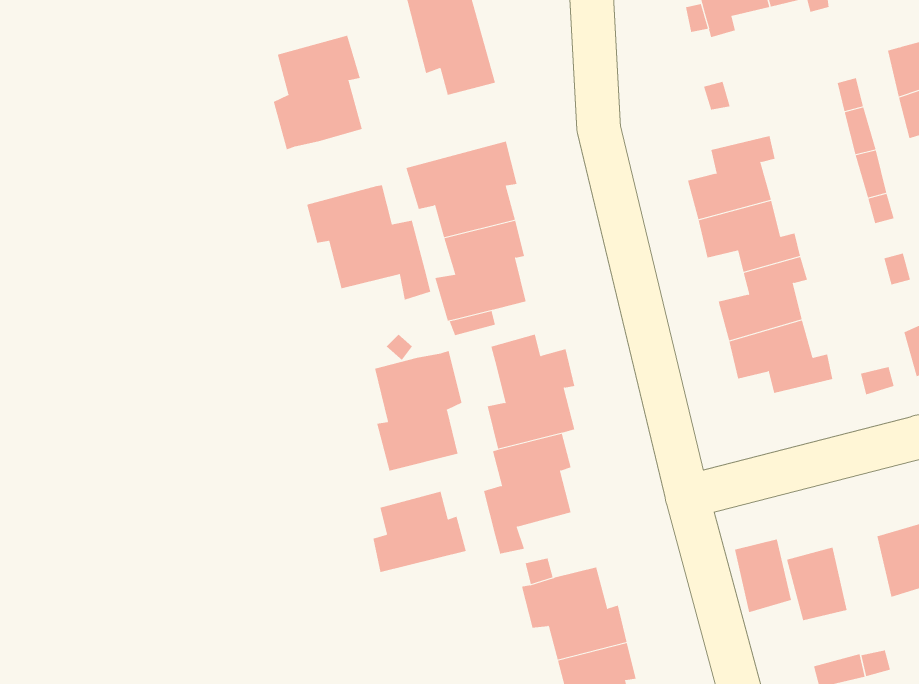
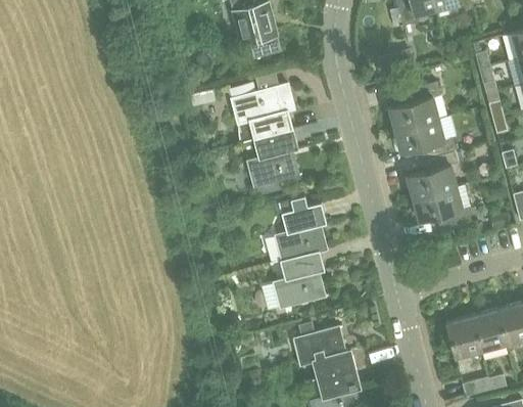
building: [273,35,362,150] -> none
building: [307,184,431,300] -> none
building: [374,350,462,471] -> none
building: [373,491,467,573] -> none
building: [734,539,792,613] -> [473,310,506,352]

